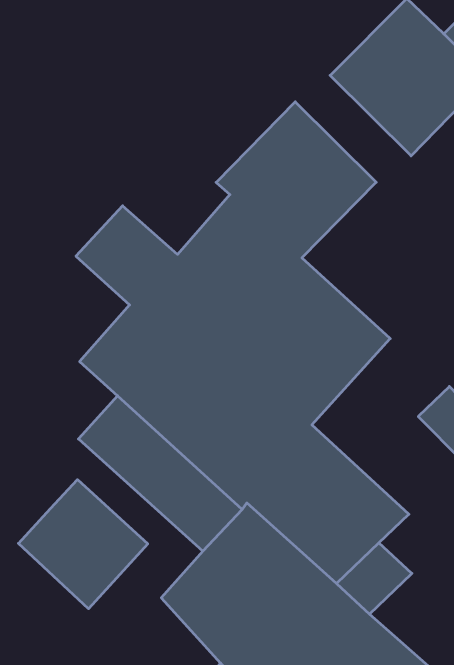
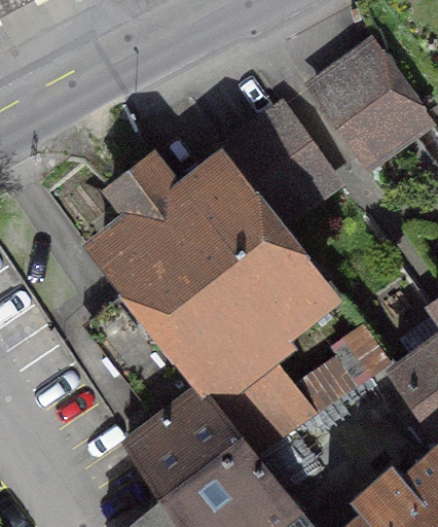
building: [18,480,148,609] -> none

